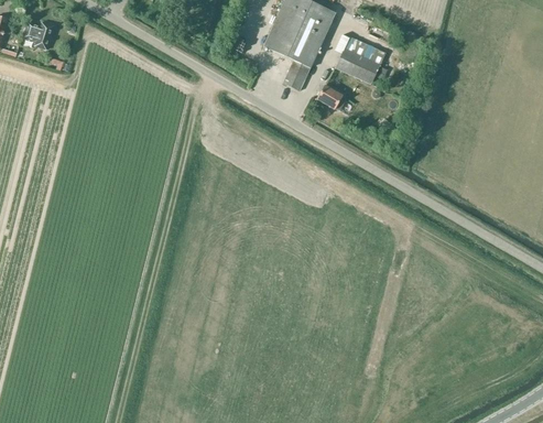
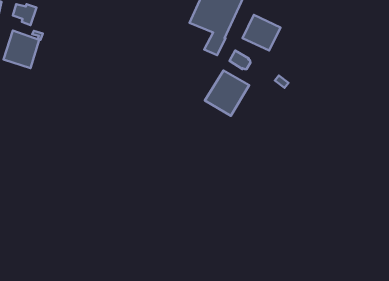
building: none -> [4,31,39,68]
building: none -> [205,70,249,116]

